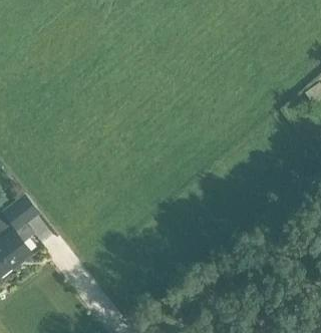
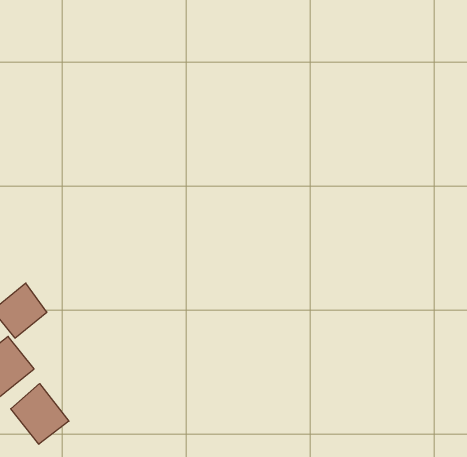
building: none -> [11,384,69,444]

